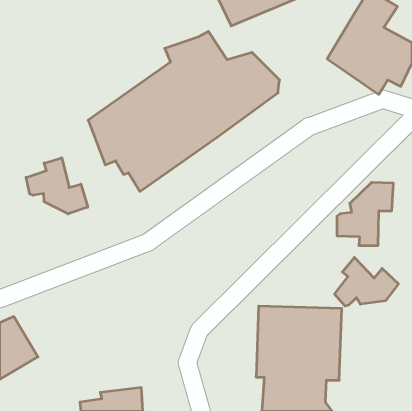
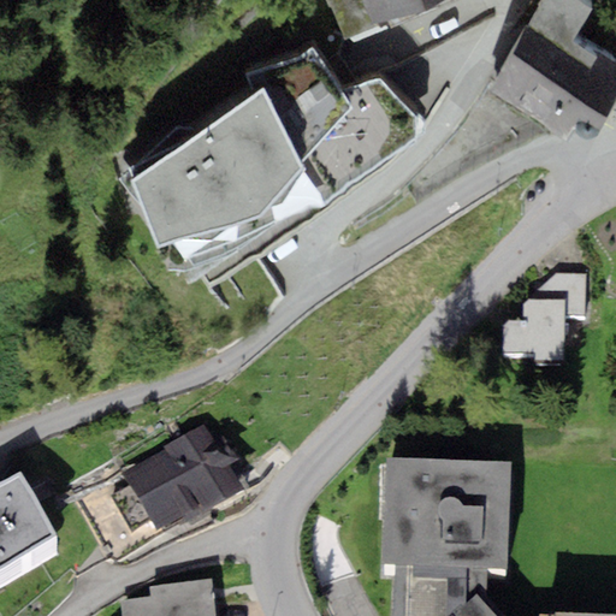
building: [26,158,88,214] -> none
building: [335,257,398,306] -> none
building: none -> [123,421,242,533]

